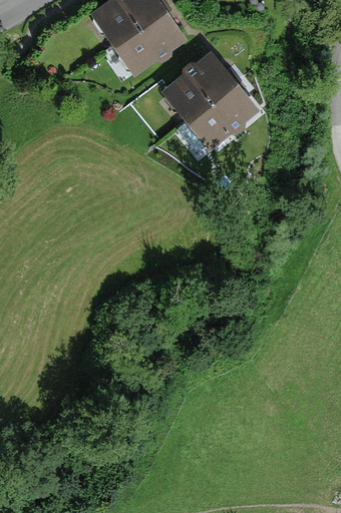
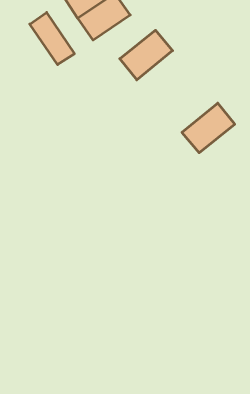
building: none -> [30,12,74,65]
building: [189,83,254,144] -> [182,103,235,153]

